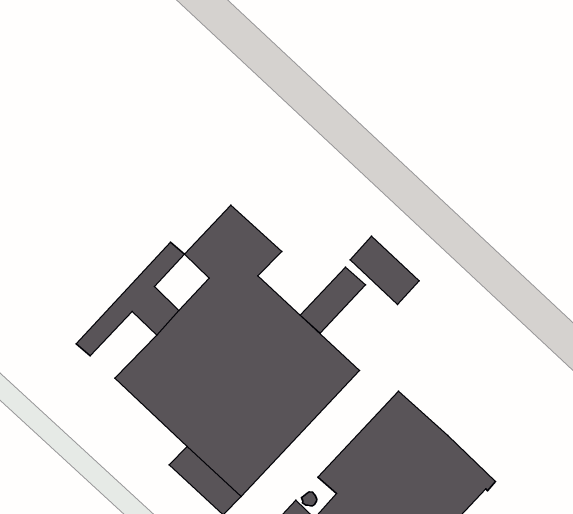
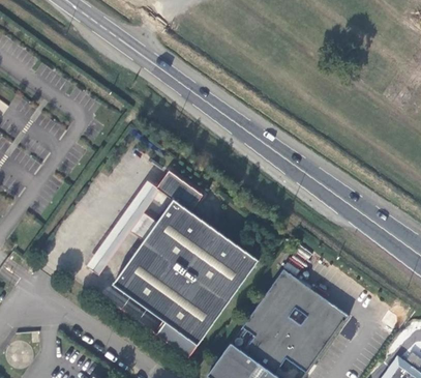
building: [350,236,419,304] -> none
building: [300,267,365,333] -> none

